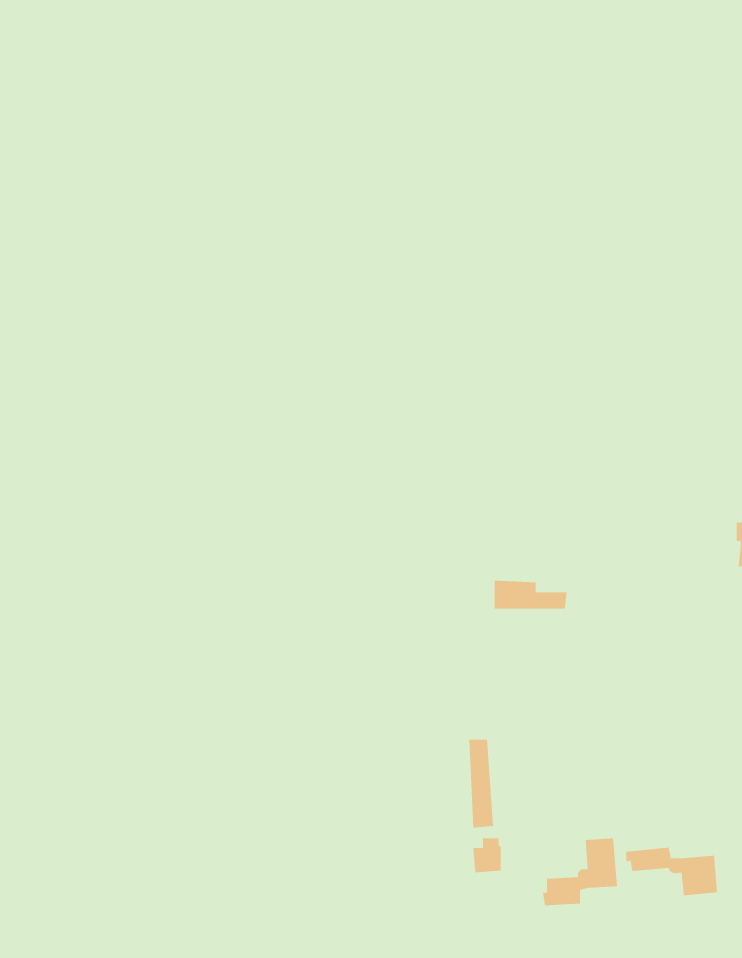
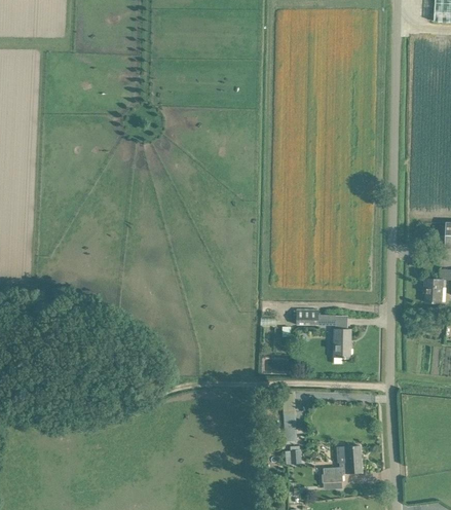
building: none -> [335,328,350,362]
building: [626,847,717,896] -> none

